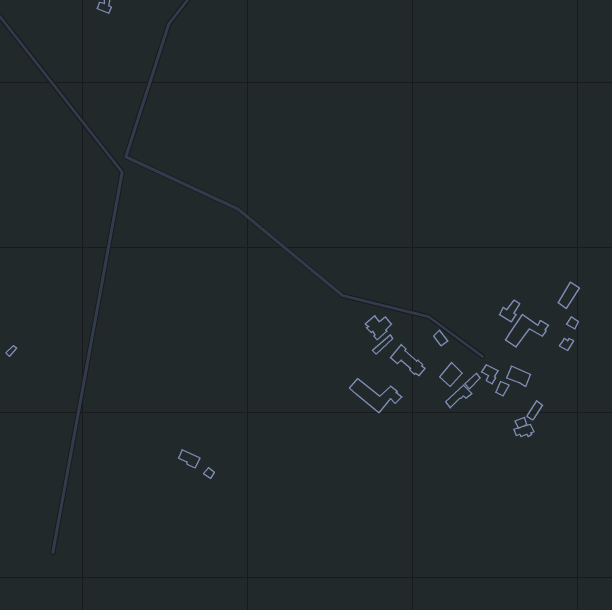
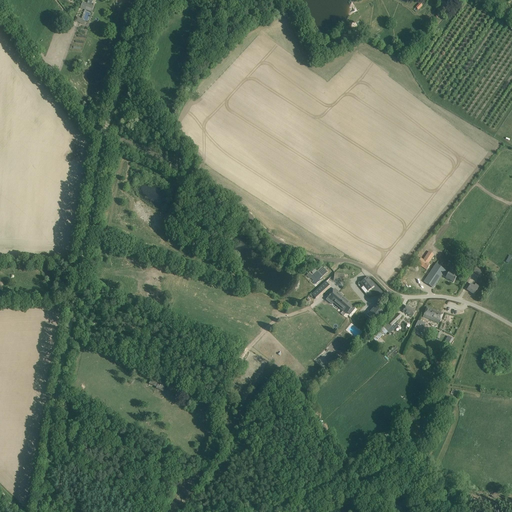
building: [350,379,402,413] -> none

